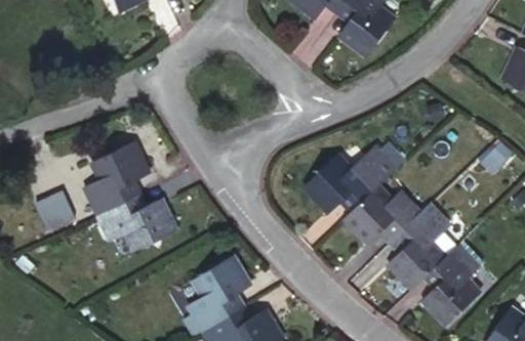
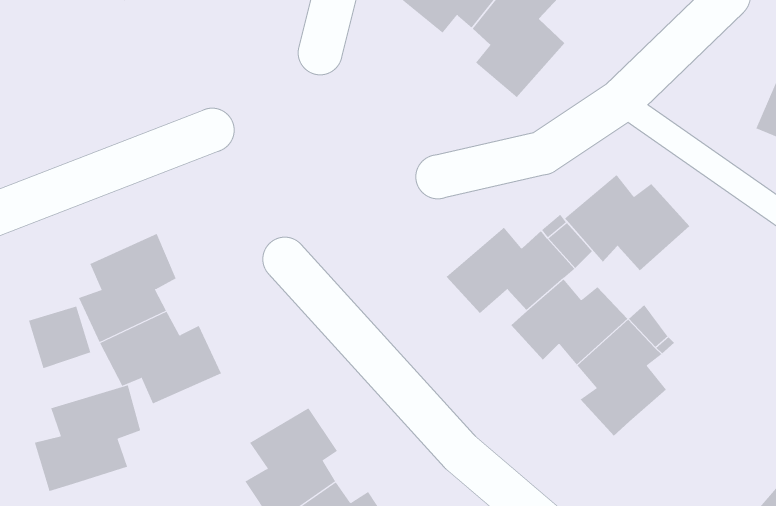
building: none -> [564,174,690,271]
building: [430,240,486,315] -> none
building: none -> [34,385,141,492]

